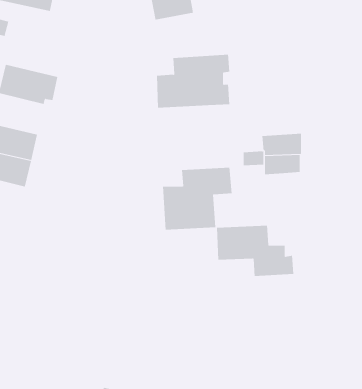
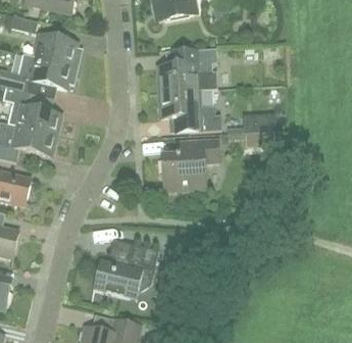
building: none -> [35,34,82,66]
building: [216,225,294,277] -> [158,90,221,132]
building: none -> [93,243,158,299]

